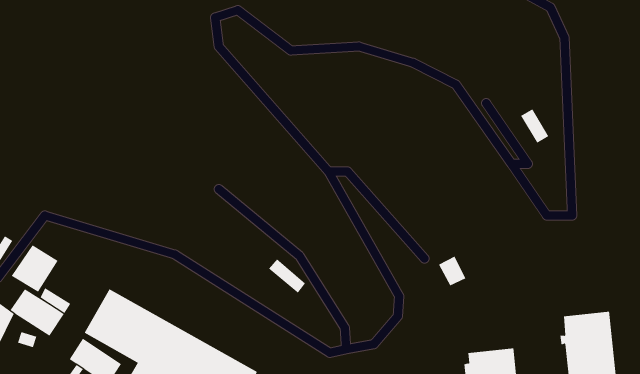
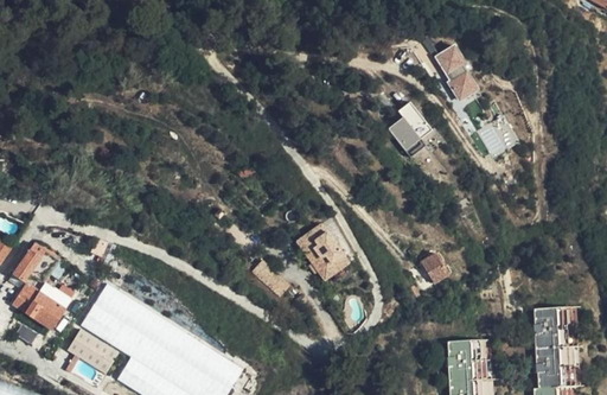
building: none -> [433,39,471,97]
building: none -> [386,98,426,154]
building: none -> [294,219,345,275]

